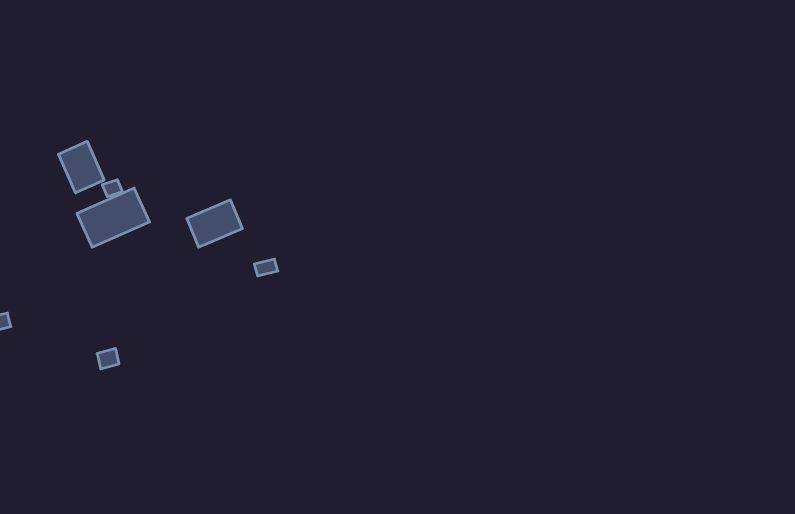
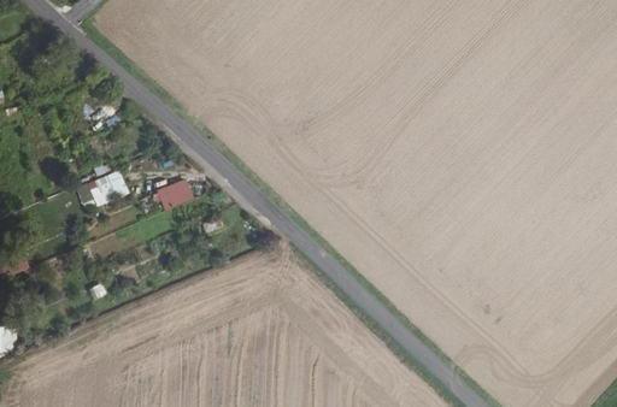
building: [58,141,104,193] -> none

